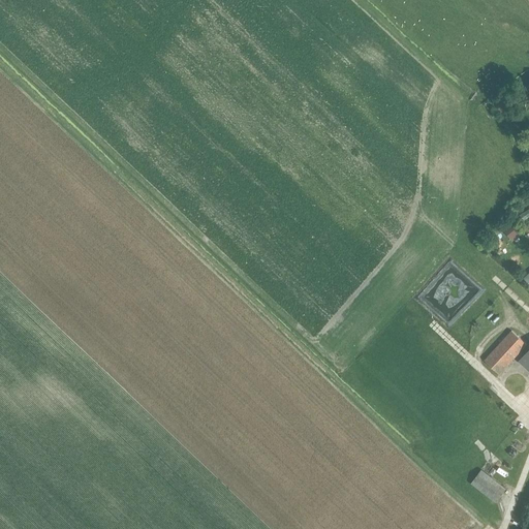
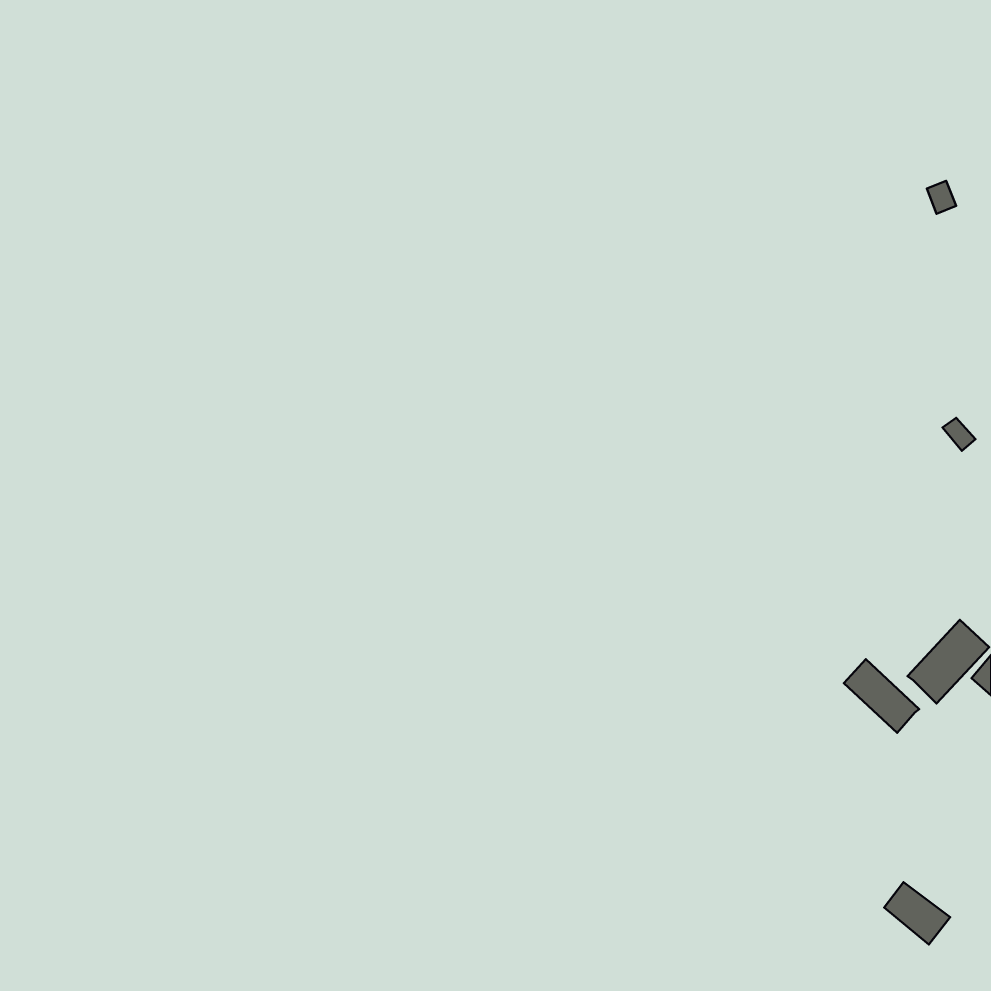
building: none -> [844,659,919,733]

